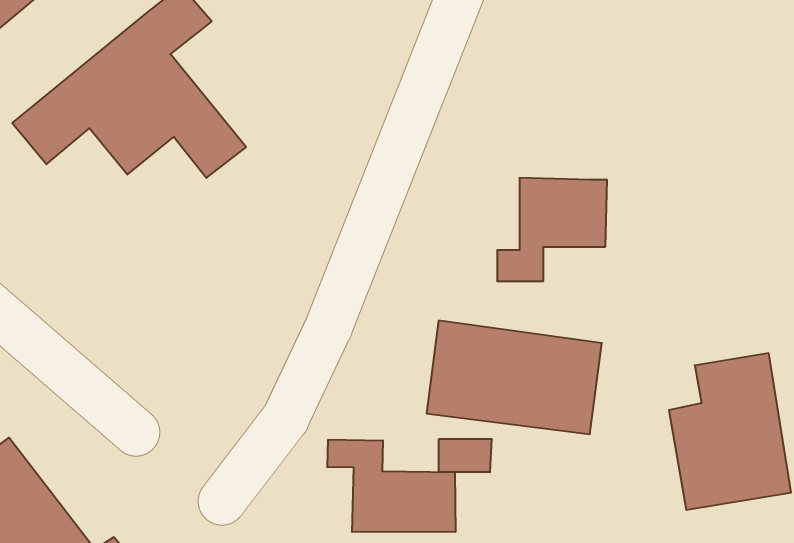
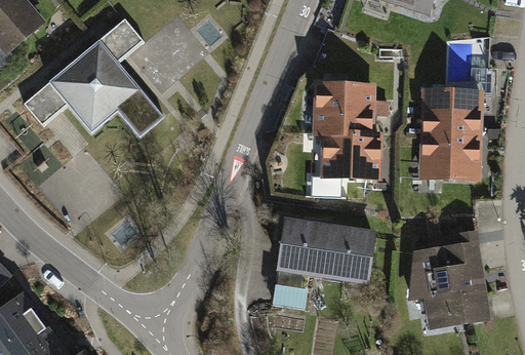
building: none -> [315,82,368,133]
building: none -> [417,88,478,178]
building: [327,440,455,532] -> none

